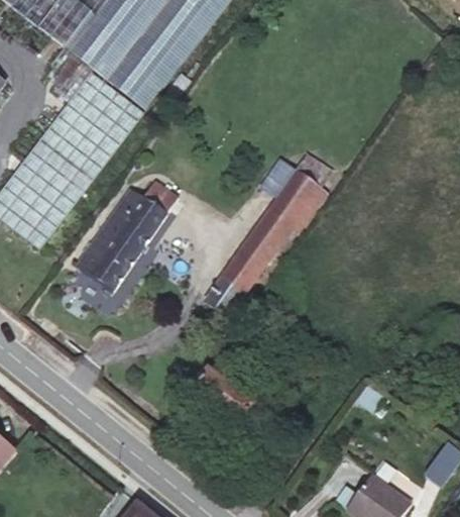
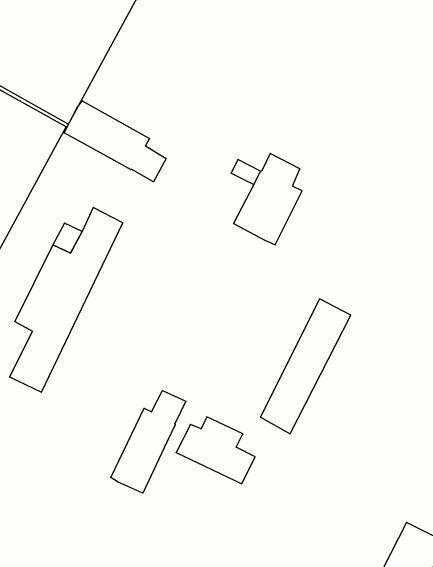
building: none -> [64,101,166,182]
building: [206,210,292,316] -> [260,299,351,434]
building: none -> [111,391,186,493]

